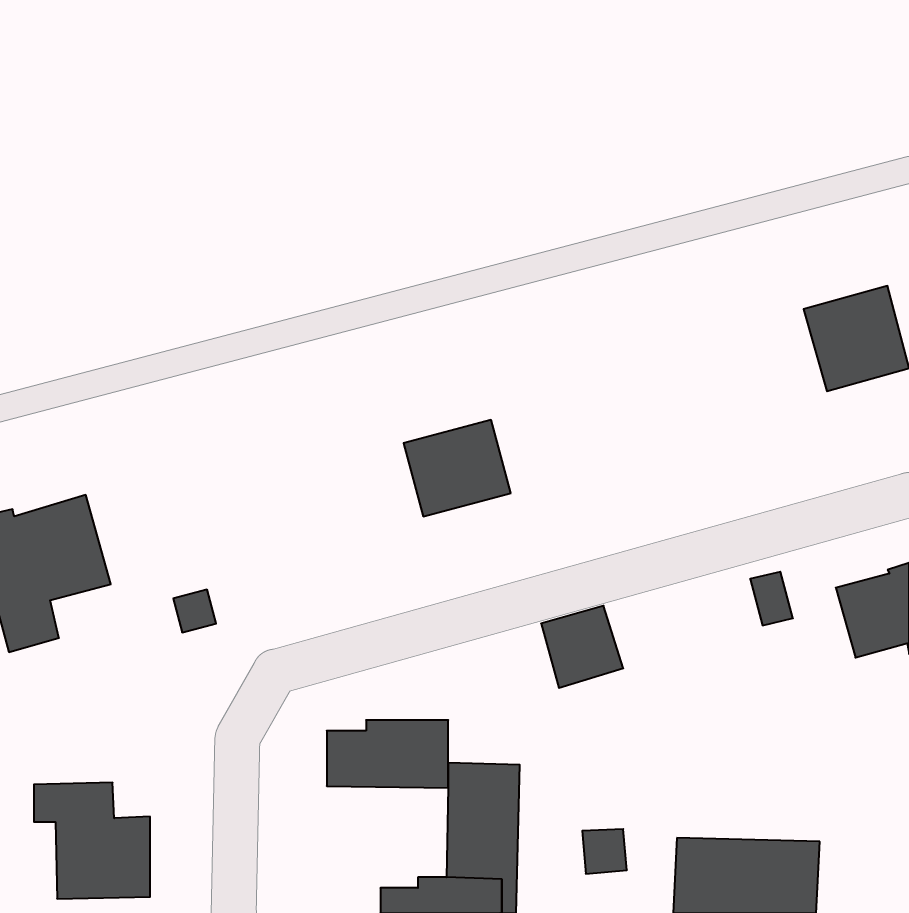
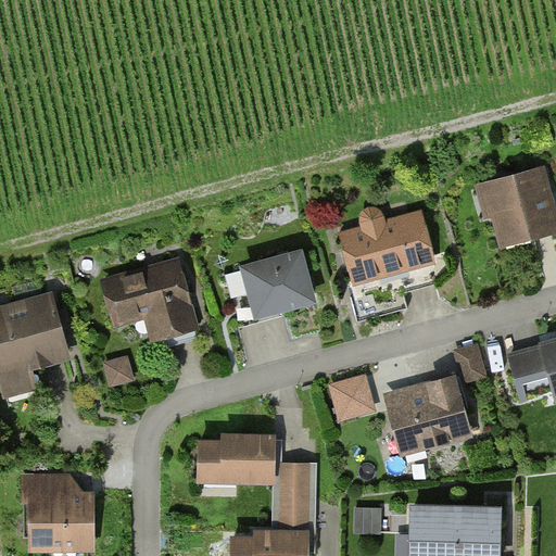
building: none -> [341,210,432,281]
building: none -> [105,264,193,336]
building: none -> [389,378,468,451]

